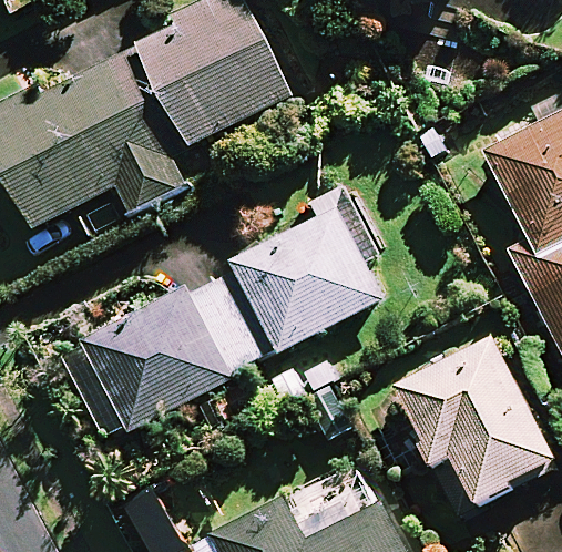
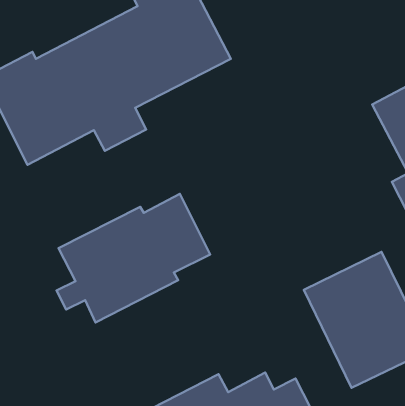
building: [231,183,381,352] -> none

